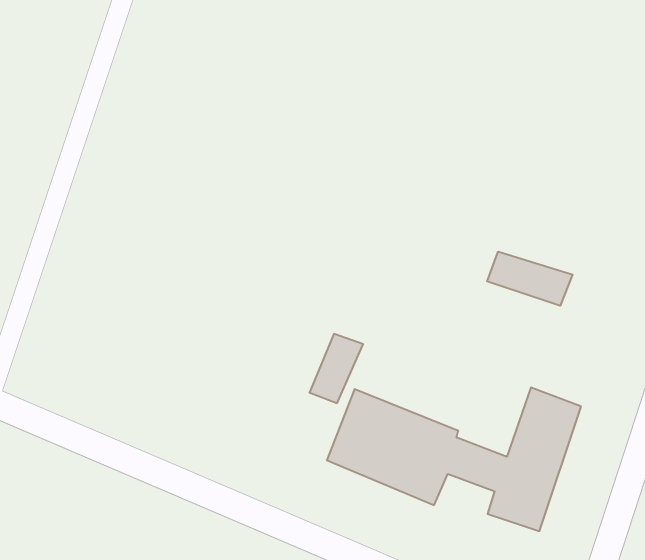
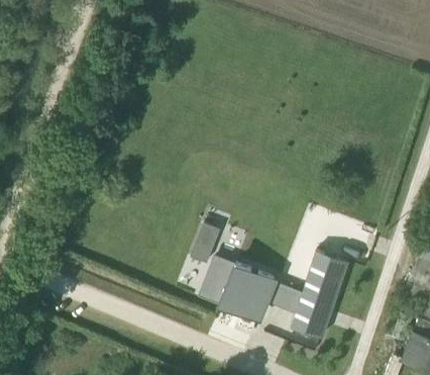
building: [487,252,573,306] -> none

